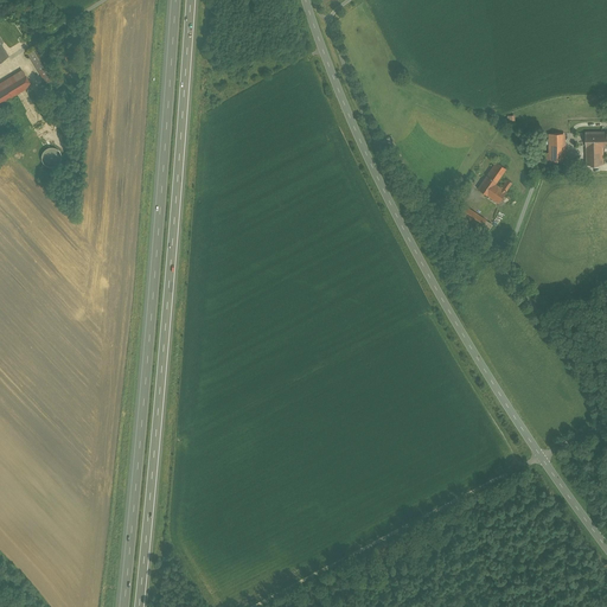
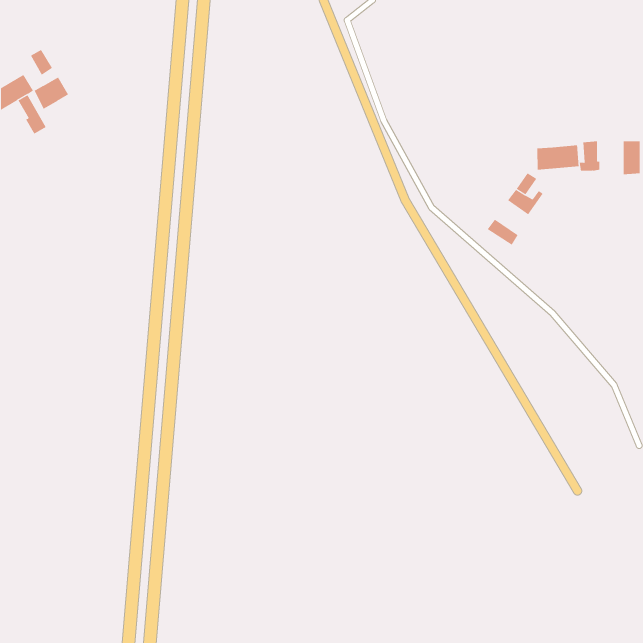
building: none -> [34,77,69,109]
building: none -> [537,145,579,170]

